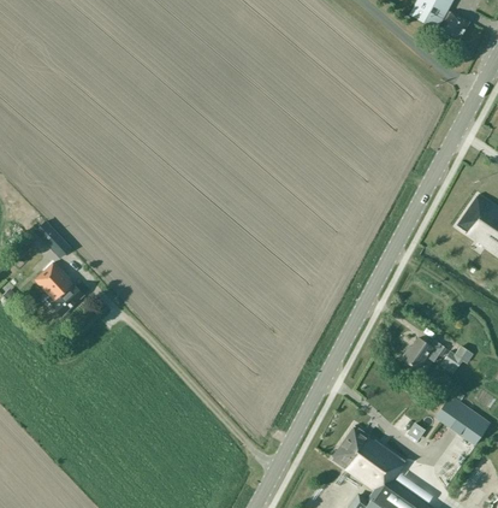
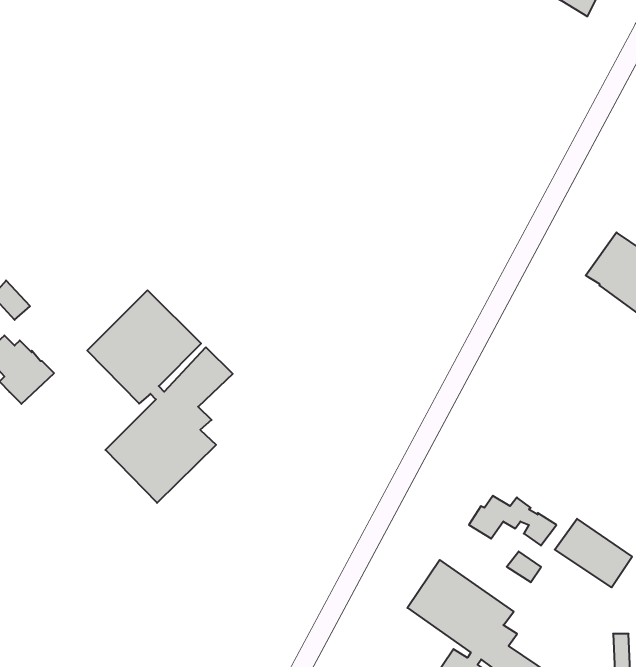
building: none -> [87,290,233,503]
building: [403,339,464,374] -> [469,496,556,546]

